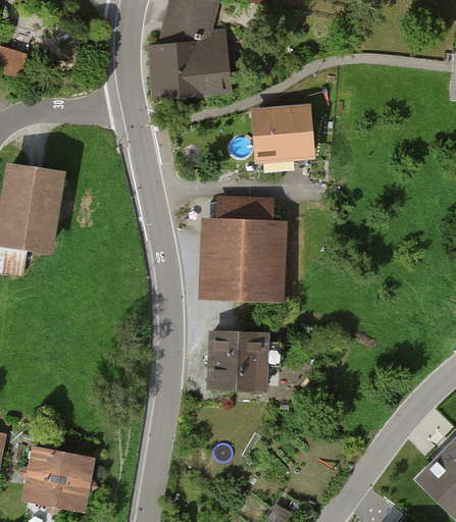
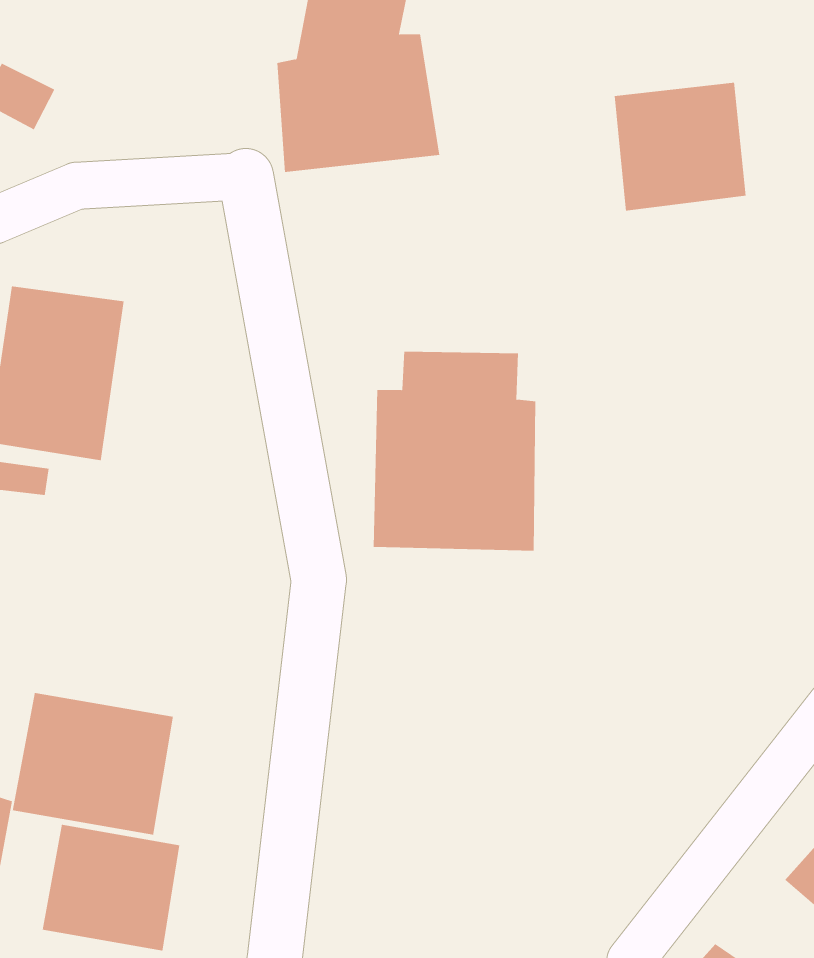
building: [246,102,316,170] -> [614,82,747,211]
building: [206,329,269,394] -> none
building: none -> [12,692,173,836]

